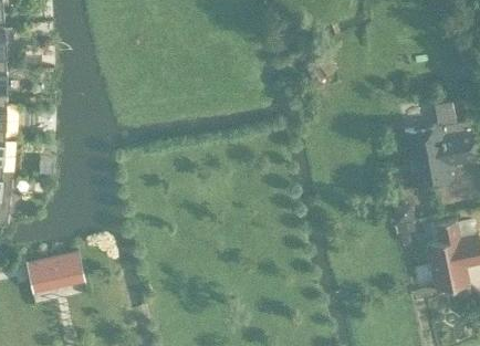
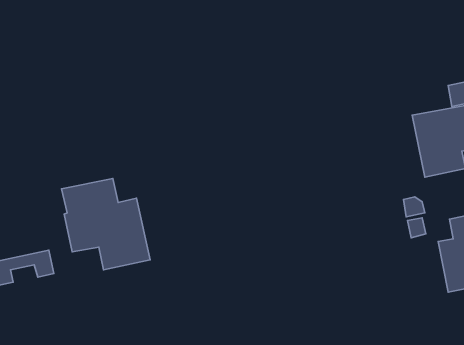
building: none -> [62,179,150,270]

